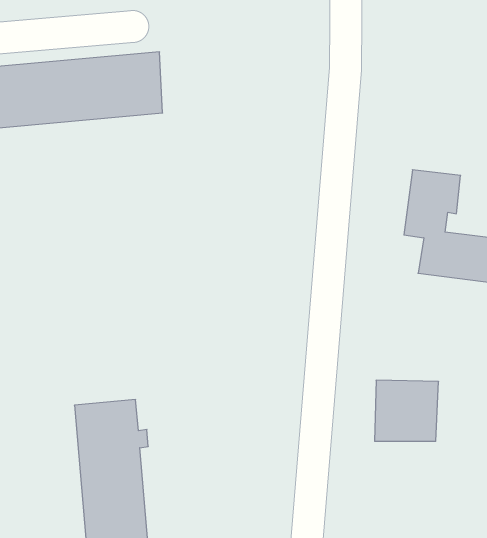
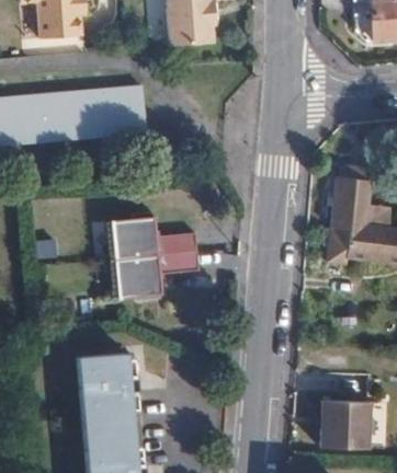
building: none -> [112,211,200,300]
building: [375,380,439,441] -> [317,400,366,447]

